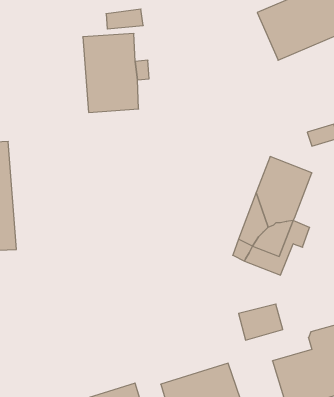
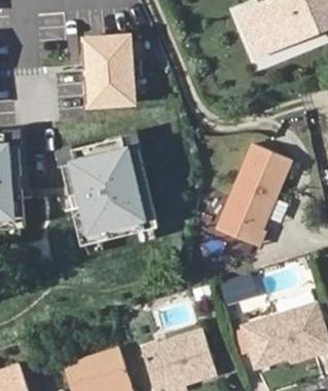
building: none -> [71,130,156,230]

